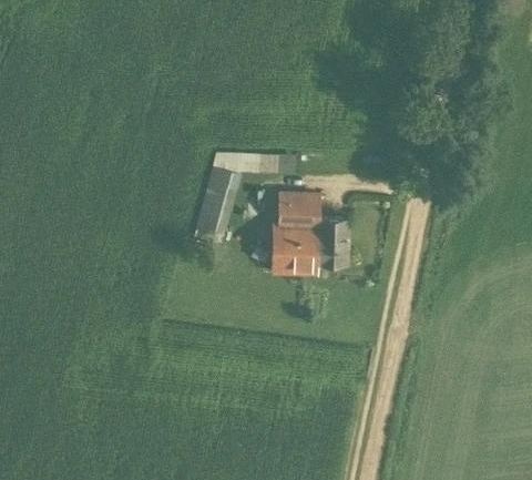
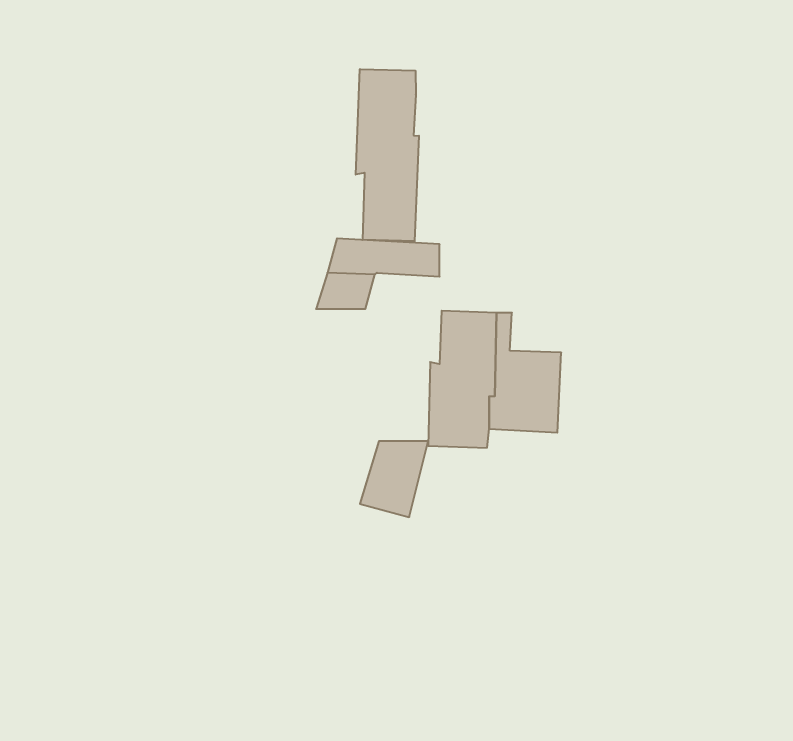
building: none -> [356,69,419,241]
building: [194,193,234,237] -> [360,441,428,517]

